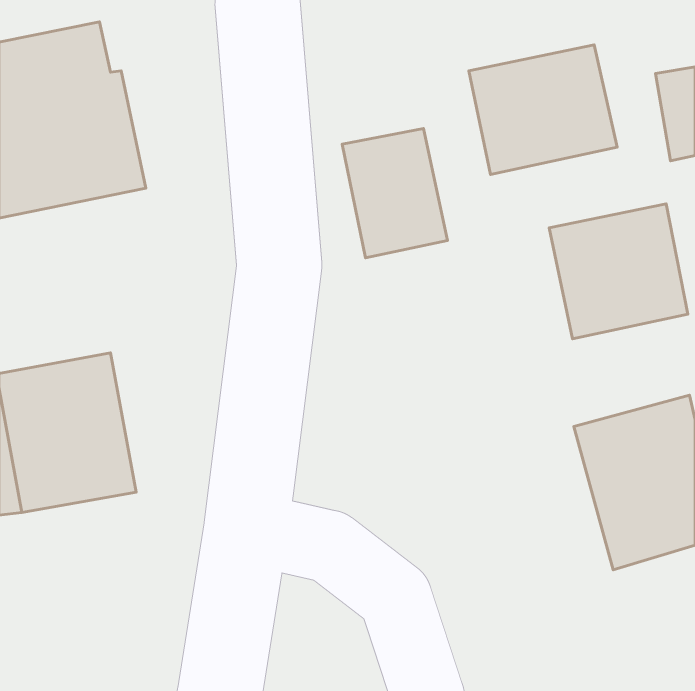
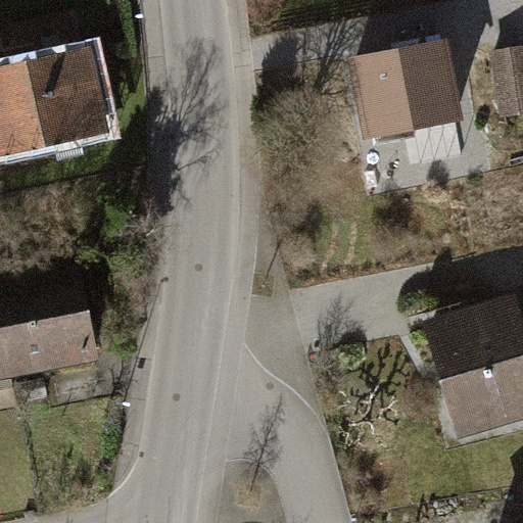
building: [342,129,447,258] -> none
building: [549,204,688,339] -> none

